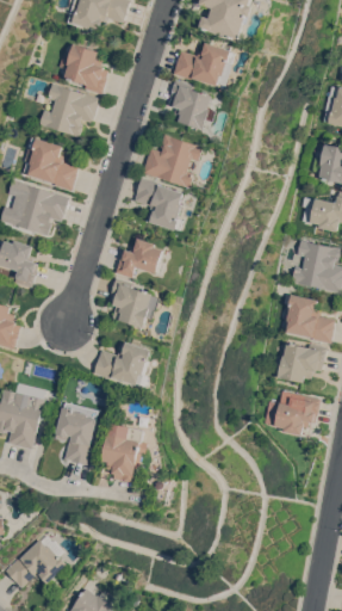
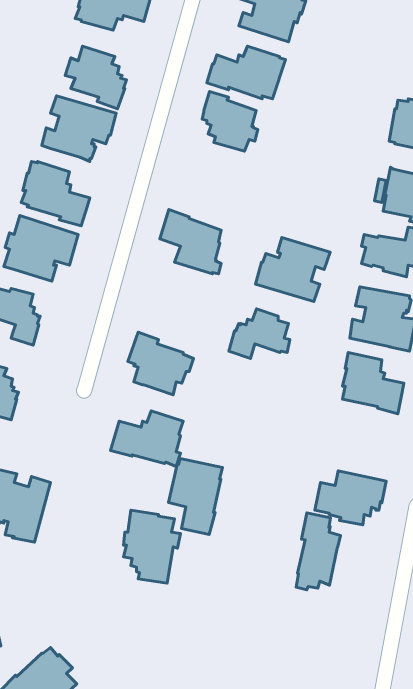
building: [143,135,204,187] -> [256,237,330,302]
building: [116,237,166,278] -> [229,309,290,358]
building: [273,342,325,382] -> none
building: [56,402,100,464] -> [168,459,222,534]
building: none -> [296,513,340,590]

